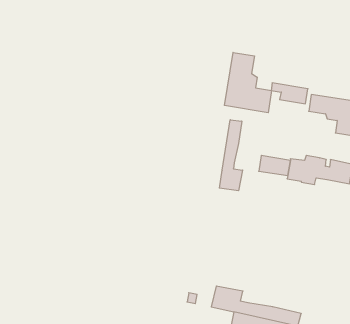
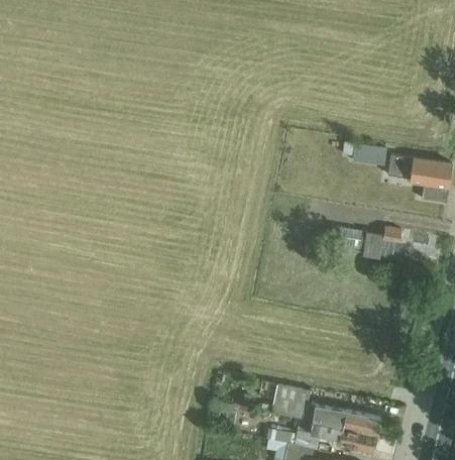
building: [224,52,272,113] -> none
building: [219,120,243,191] -> none

